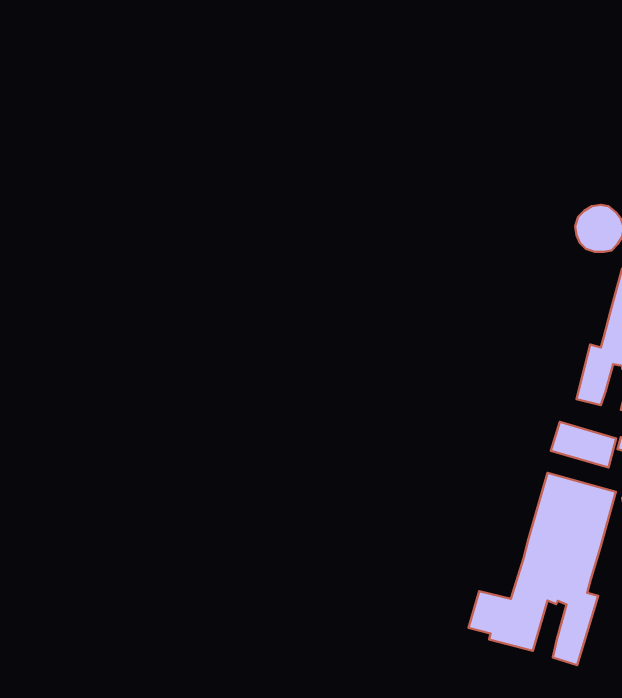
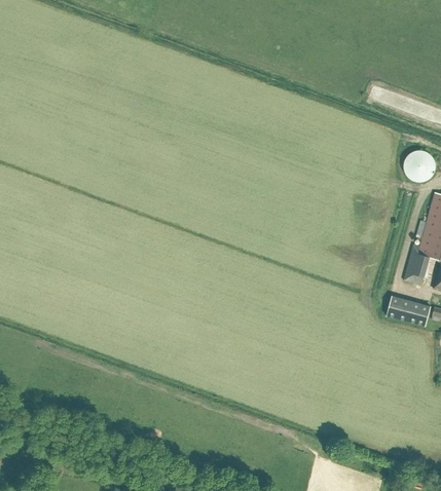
building: [469,473,616,665] -> none

